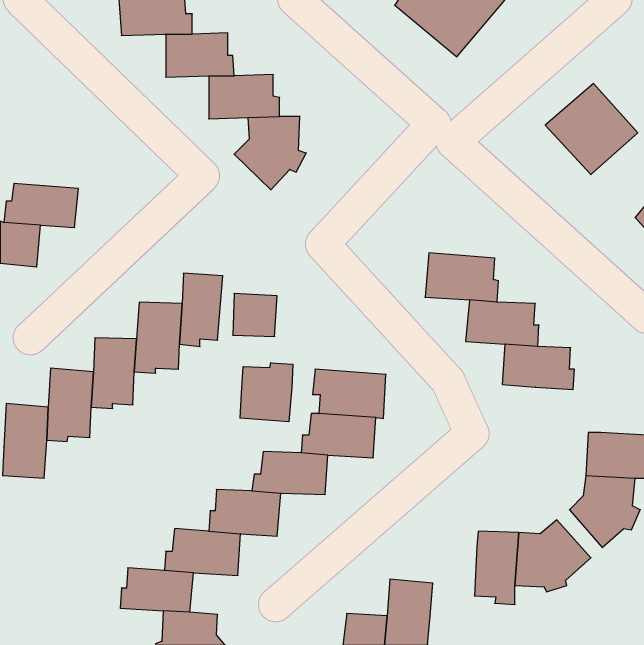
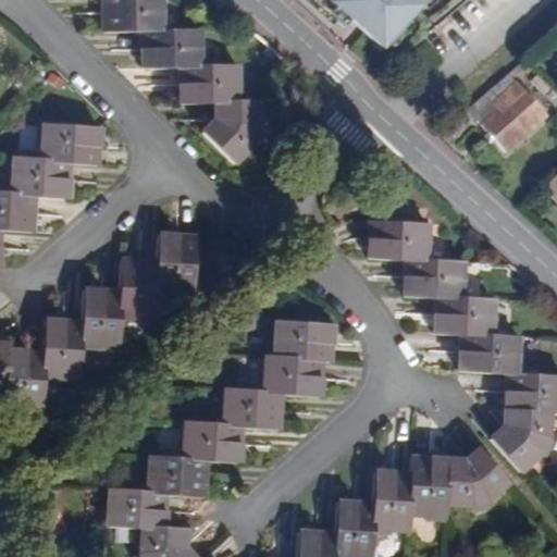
building: none -> [38,122,99,162]
building: [240,363,293,422] -> none
building: none -> [459,333,520,372]
building: none -> [372,468,412,532]

